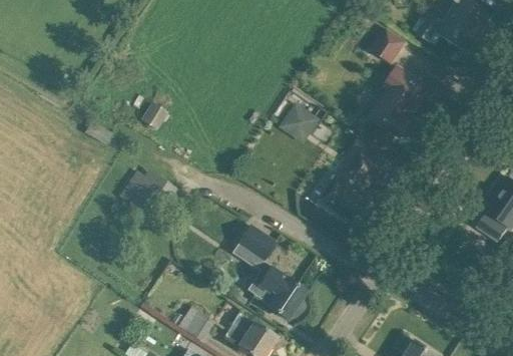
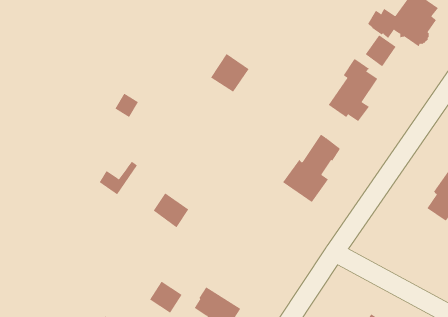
building: [371,29,405,64] -> [365,35,397,67]
building: [279,102,321,144] -> [210,53,249,92]
building: [235,225,275,263] -> [153,193,189,228]
building: [252,268,307,320] -> none

